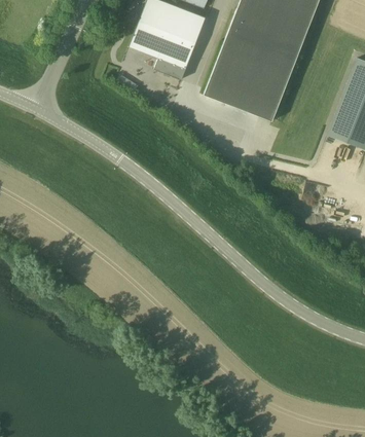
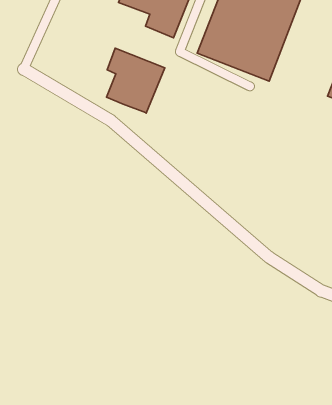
building: none -> [106,48,165,113]

